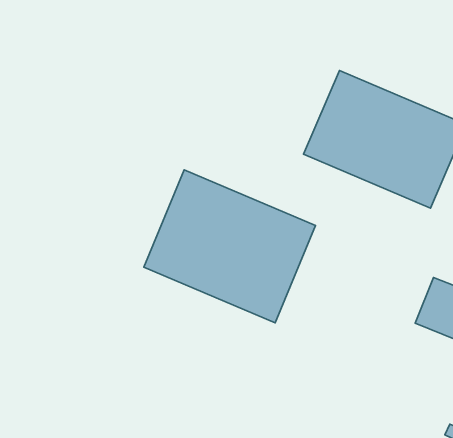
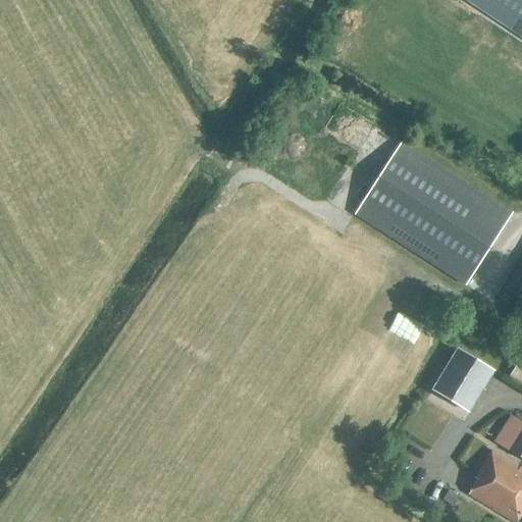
building: [144,170,316,323] -> none

